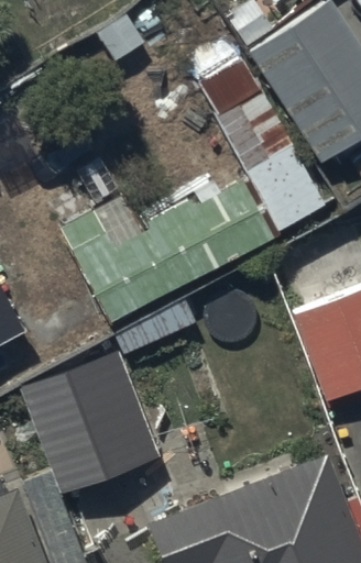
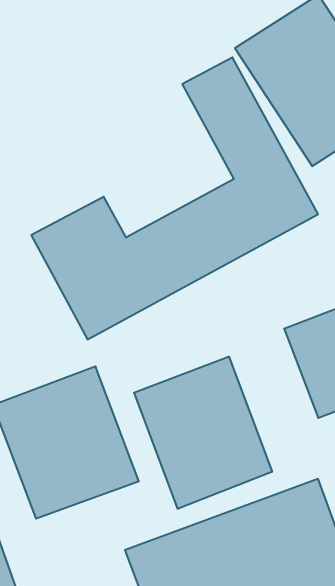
building: none -> [134,357,272,509]

